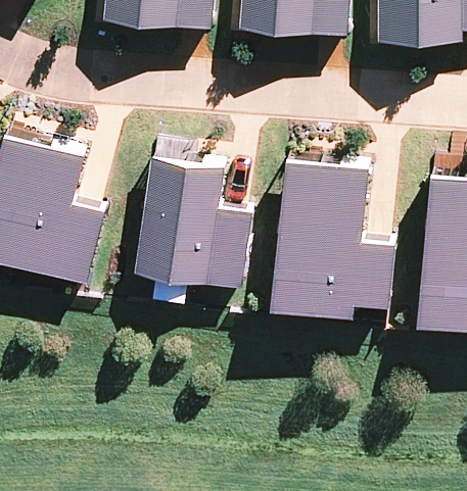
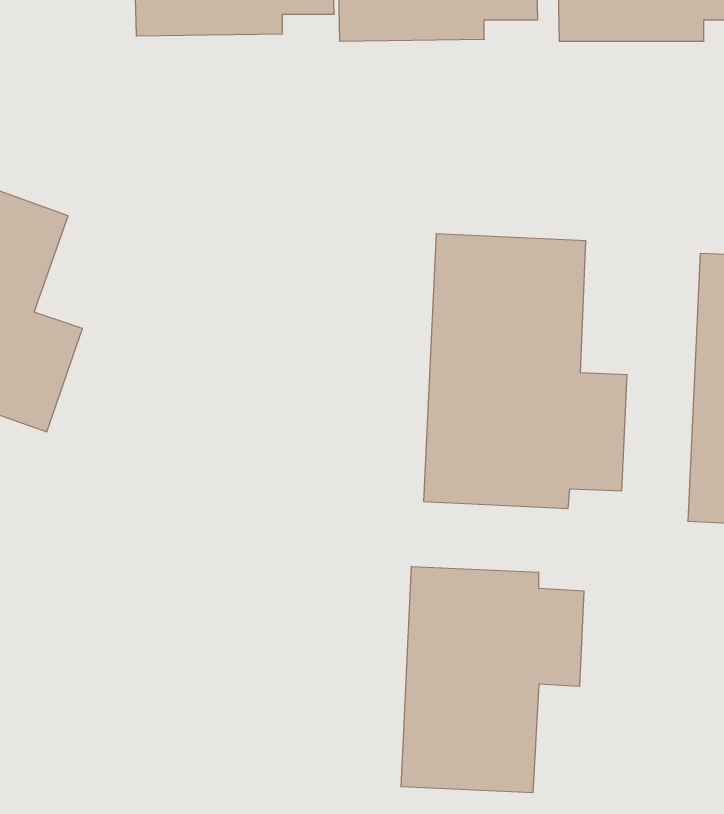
building: [146,153,244,283] -> none
building: none -> [401,566,584,793]

